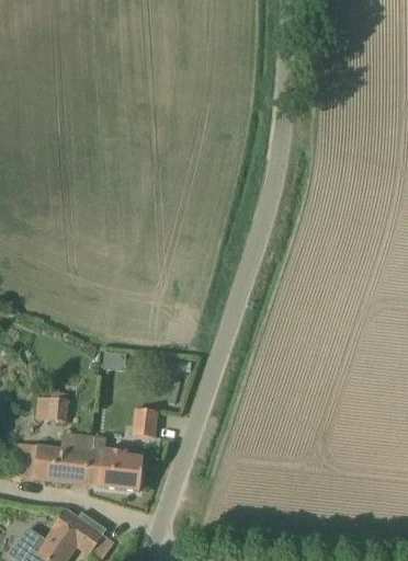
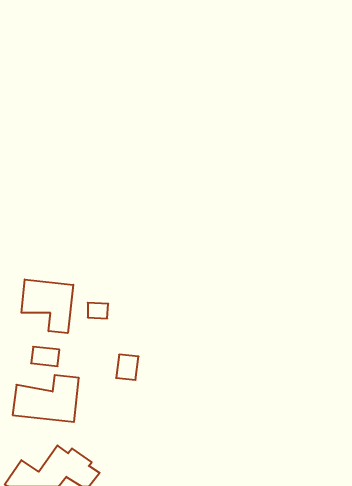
building: none -> [21,279,73,333]
building: [84,434,143,490] -> none

